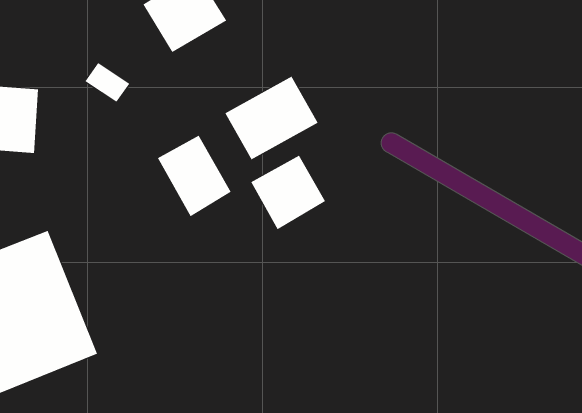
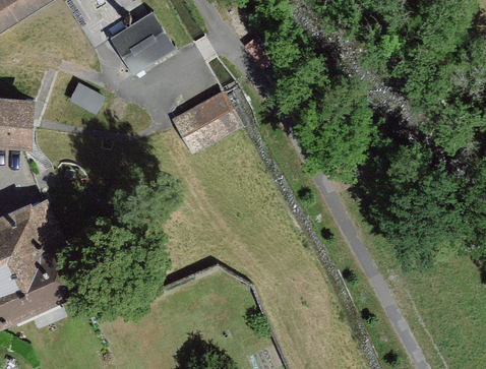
building: [157,135,231,217] -> none
building: [251,155,326,230] -> none

